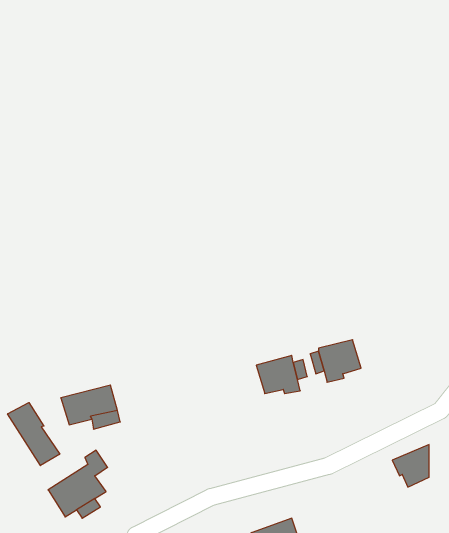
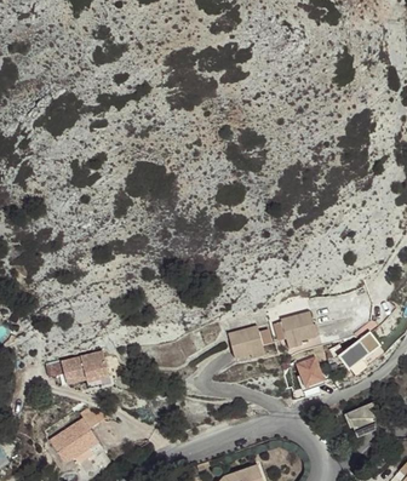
building: none -> [336,332,380,370]
building: none -> [294,355,325,389]
building: [8,403,60,466] -> none

